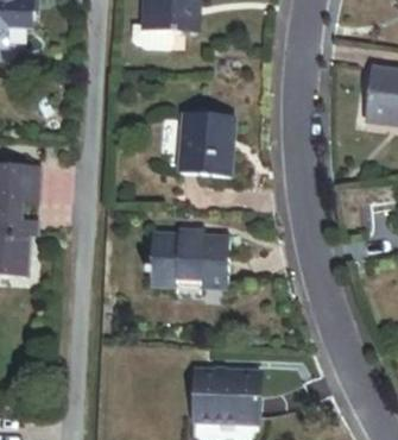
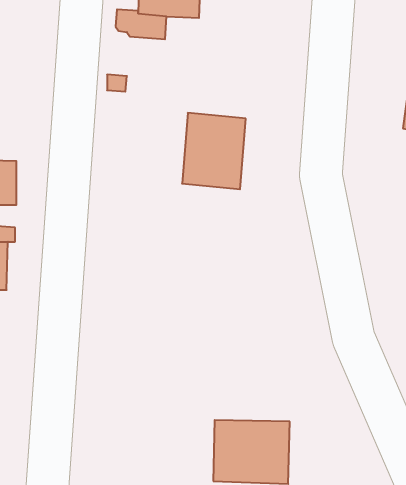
building: [162,225,239,289] -> none

